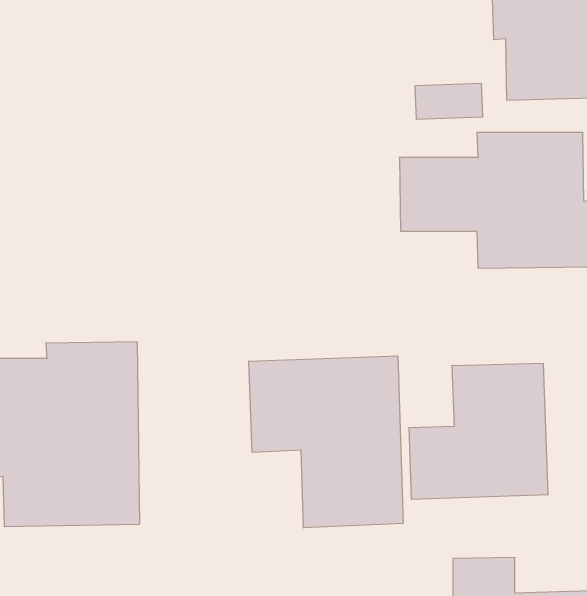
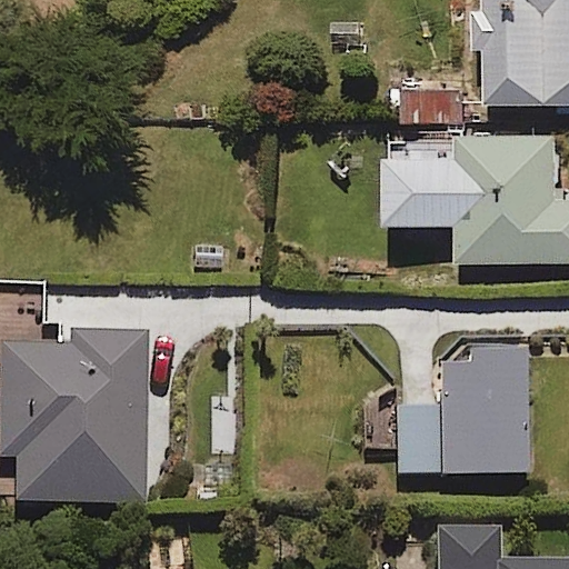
building: [249,356,403,528] -> none

